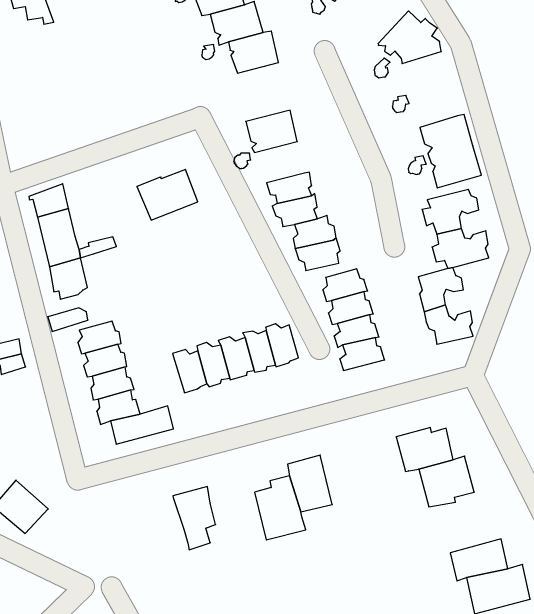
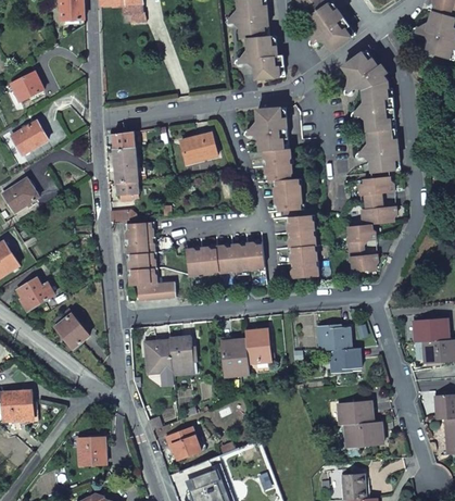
building: none -> [362,87,395,133]
building: none -> [258,128,288,151]
building: none -> [146,340,174,372]

